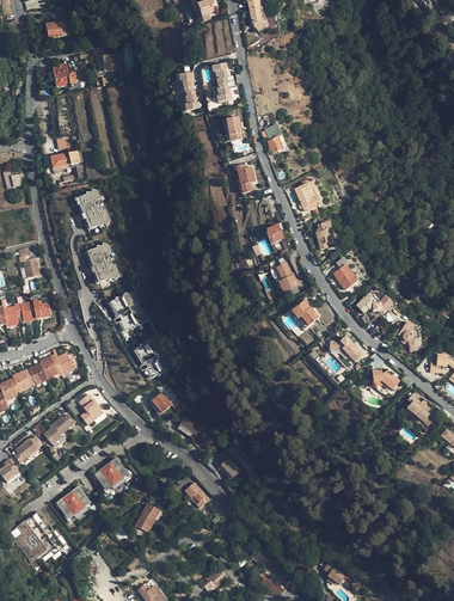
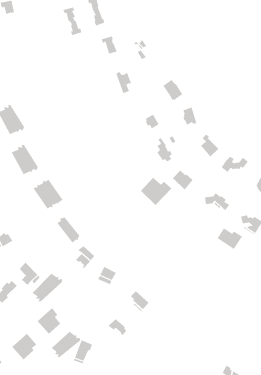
building: none -> [140,177,173,206]
building: none -> [217,228,243,250]
building: none -> [32,273,62,302]
building: none -> [51,331,80,358]

